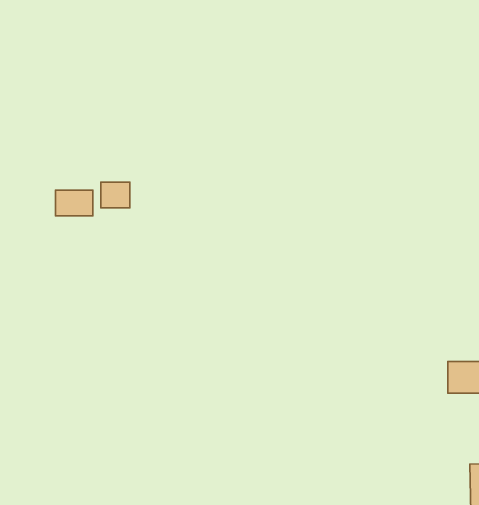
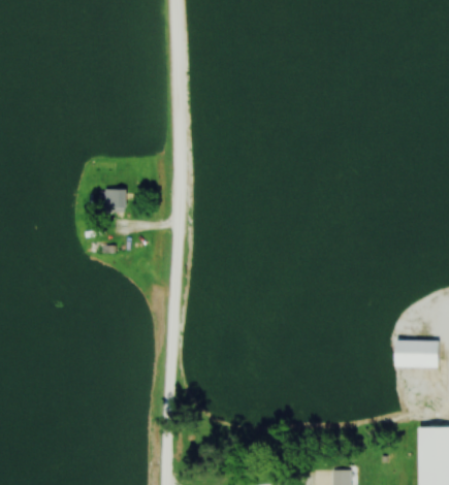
building: [56,190,93,216] -> none

